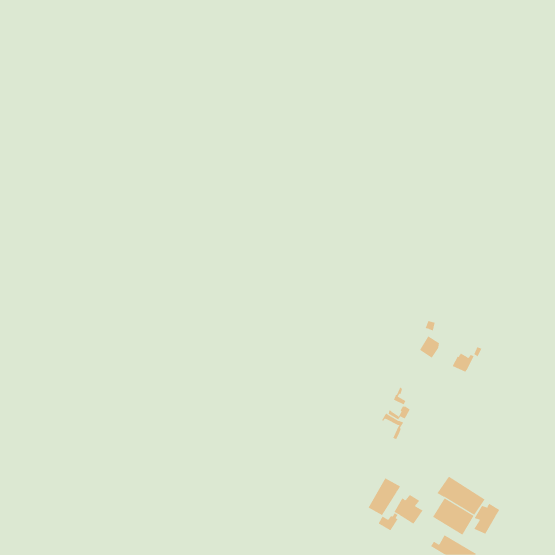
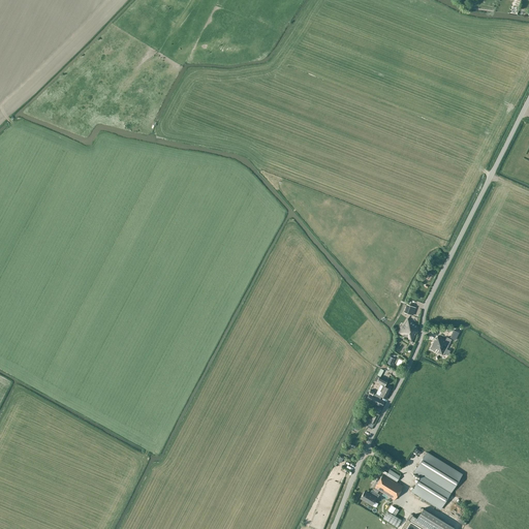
building: [368,478,401,516] -> none
building: [473,503,501,535] -> none

